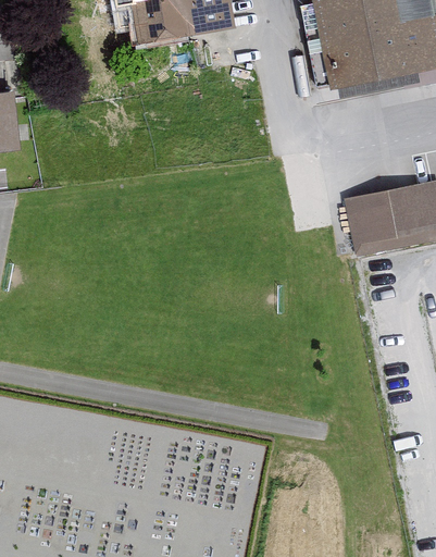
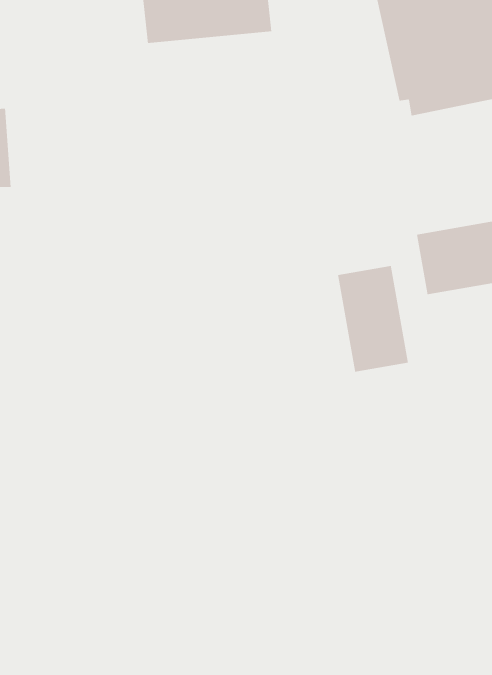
building: none -> [338,265,408,372]

